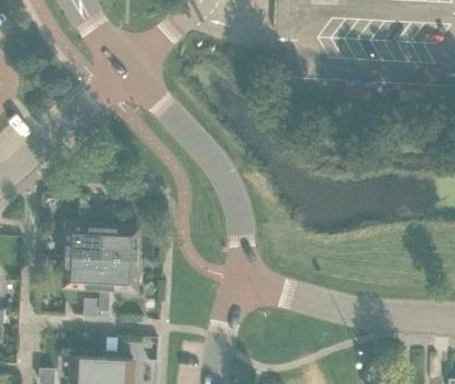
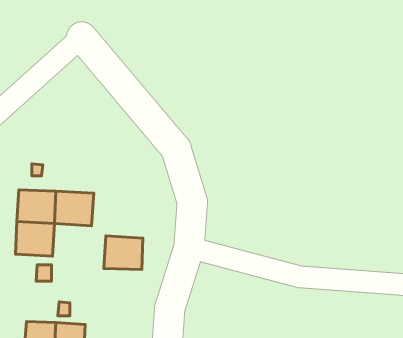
building: [99,255,138,289] -> [104,236,143,270]

